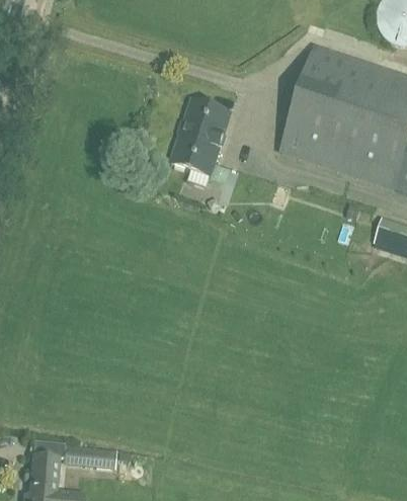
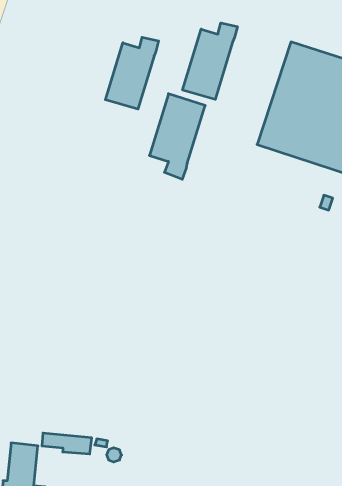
building: none -> [183,23,237,99]
building: none -> [105,37,159,109]

